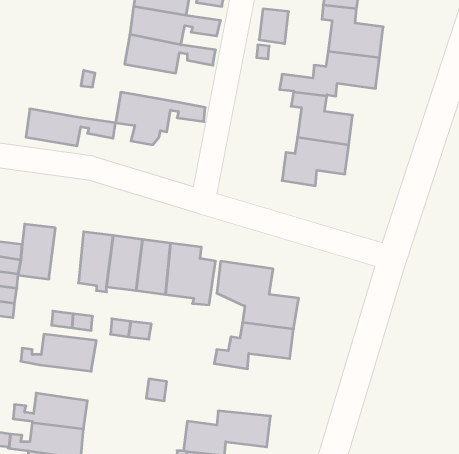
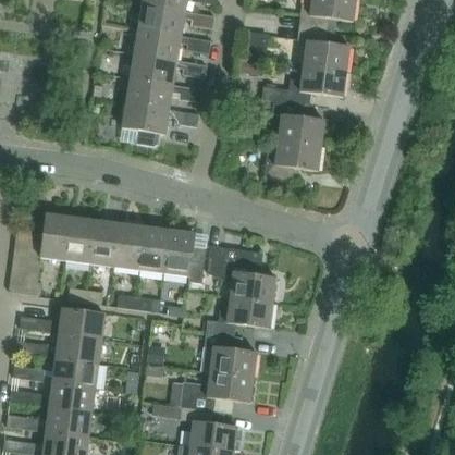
building: [26,109,116,146] -> [126,77,202,109]
building: none -> [65,217,95,263]
building: none -> [200,332,257,377]
building: none -> [38,333,101,364]

